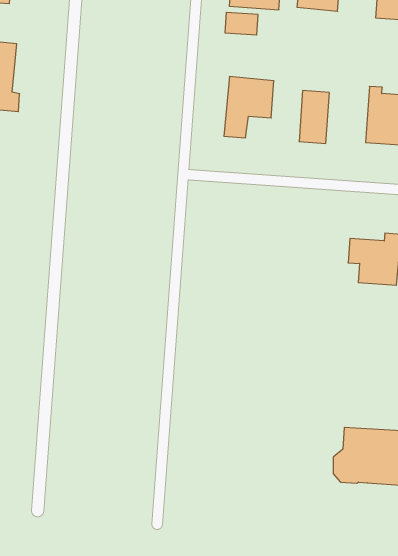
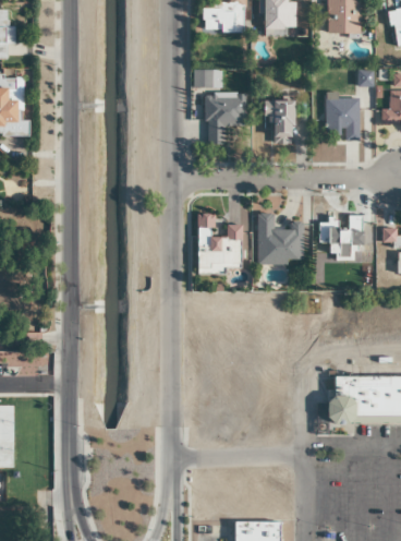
building: [225,12,258,35] -> [195,70,222,87]
building: none -> [198,214,243,270]
building: none -> [258,213,304,262]

